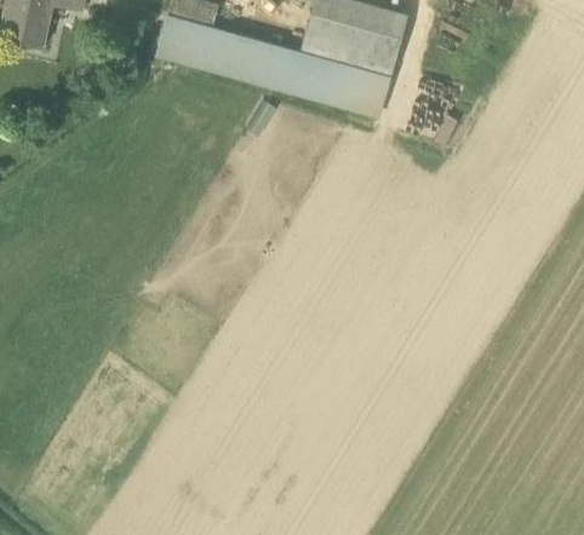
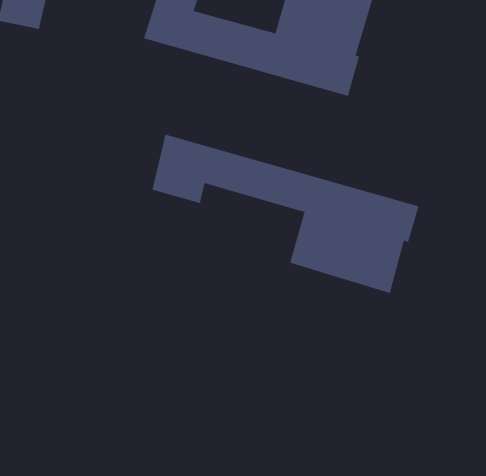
building: none -> [152,134,419,294]

